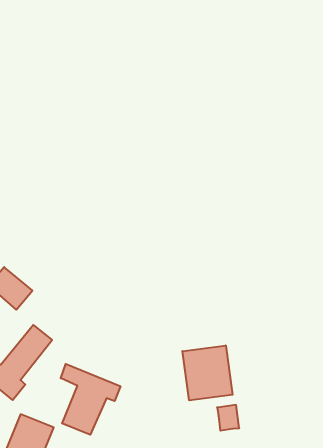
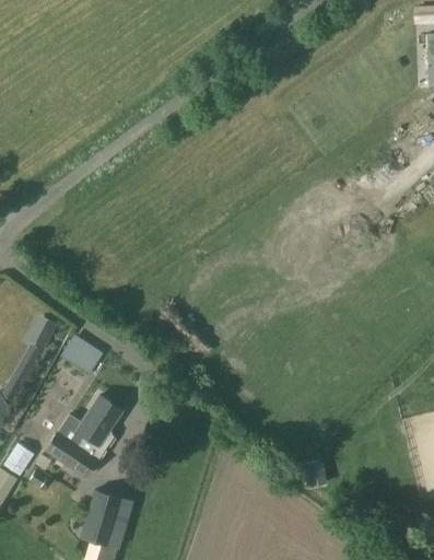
building: [182,345,233,400] -> none
building: [61,364,120,435] -> none

